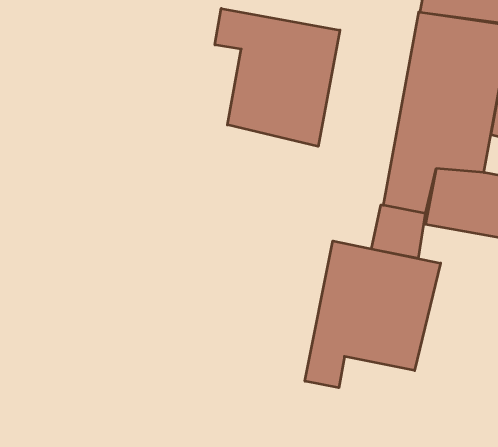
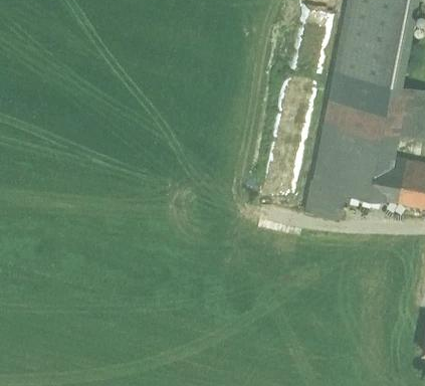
building: [215,8,340,146] -> none
building: [305,241,441,388] -> none

